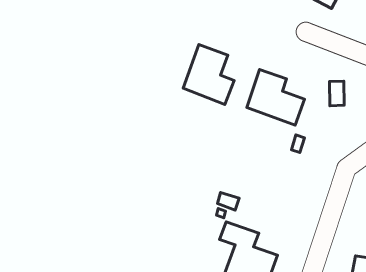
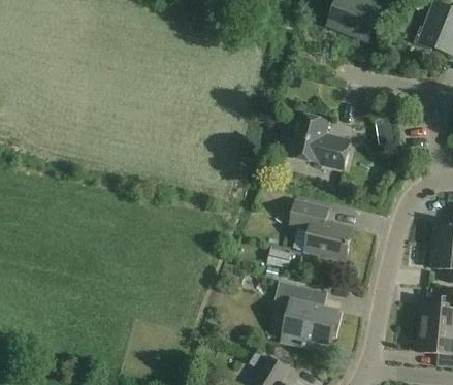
building: [183,45,234,105] -> none
building: none -> [290,200,353,260]

